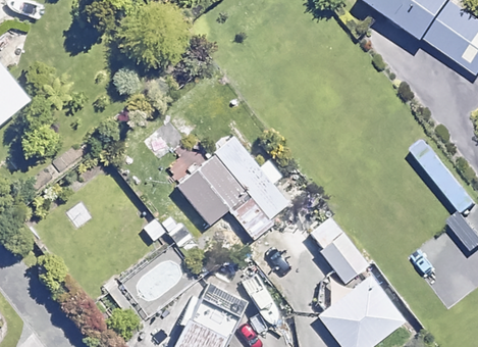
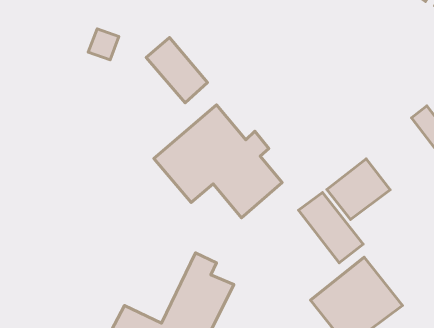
building: none -> [146,38,207,103]
building: none -> [327,159,390,219]

